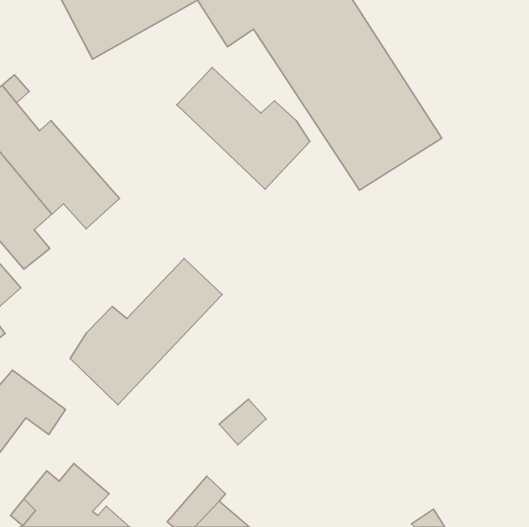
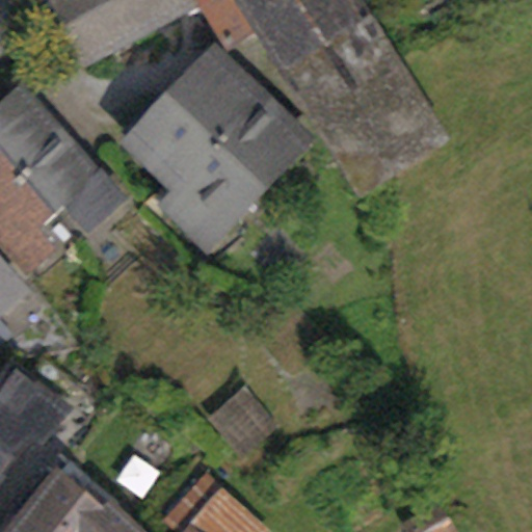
building: none -> [124,95,265,250]
building: [70,258,222,405] -> none

